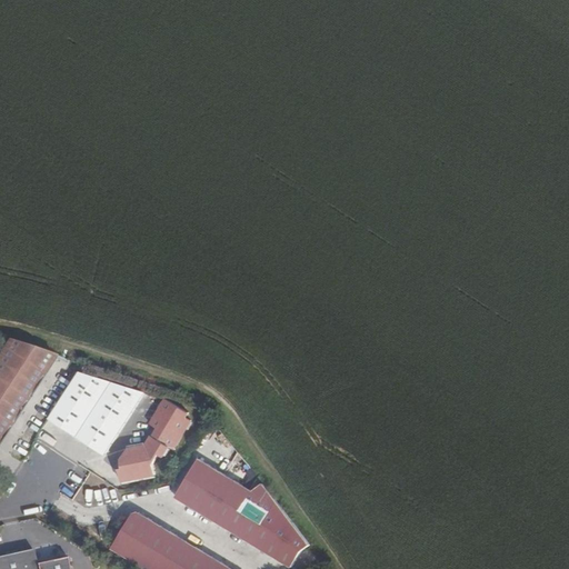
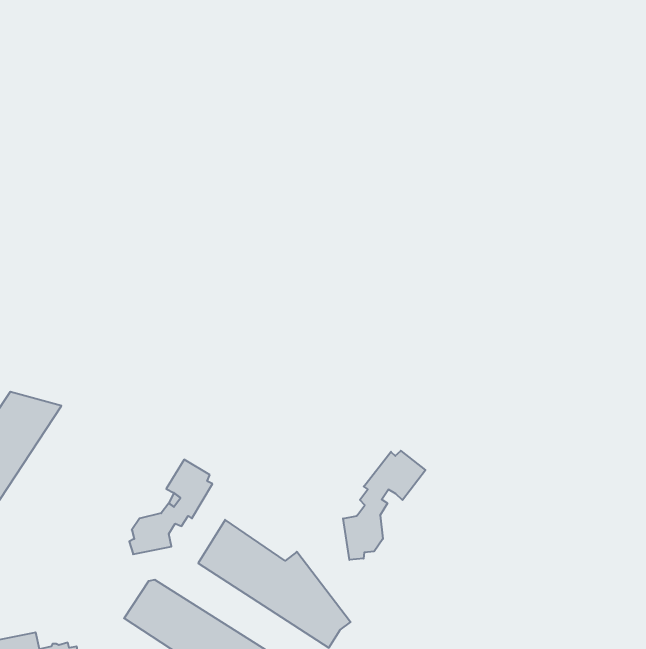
building: [50,373,147,453] -> none
building: none -> [343,451,425,560]

